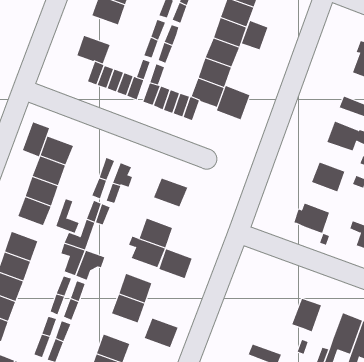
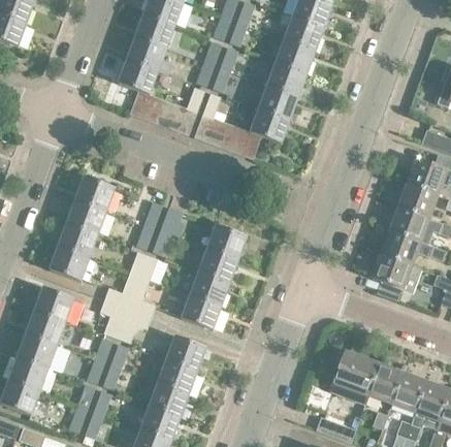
building: none -> [126,37,169,74]
building: [241,20,268,50] -> none
building: [216,85,250,120] -> none
building: [22,121,50,157] -> none
building: none -> [398,184,438,218]
building: none -> [381,230,445,265]
building: [55,199,80,233] -> [128,277,156,317]
building: [158,249,192,279] -> [198,248,237,283]
building: none -> [330,350,378,404]
building: none -> [390,373,425,412]
building: [144,318,179,348] -> [149,382,189,417]

